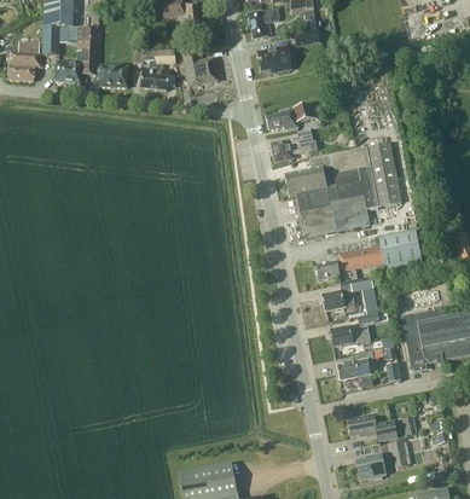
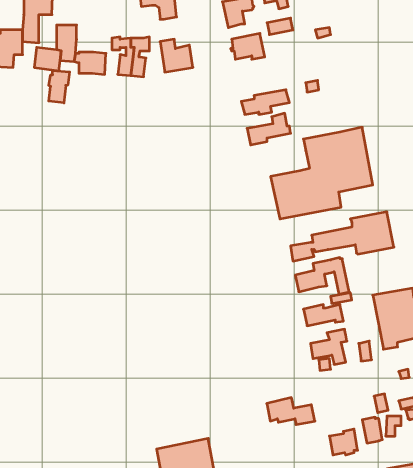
building: none -> [49,70,70,103]
building: [285,155,332,195] -> none
building: [348,413,398,441] -> [267,398,315,425]

